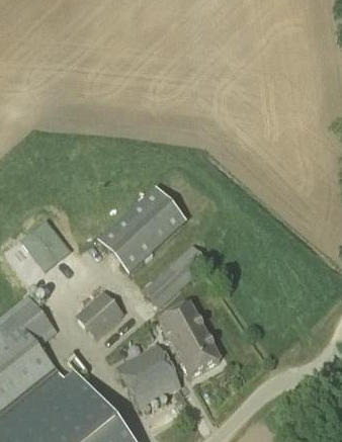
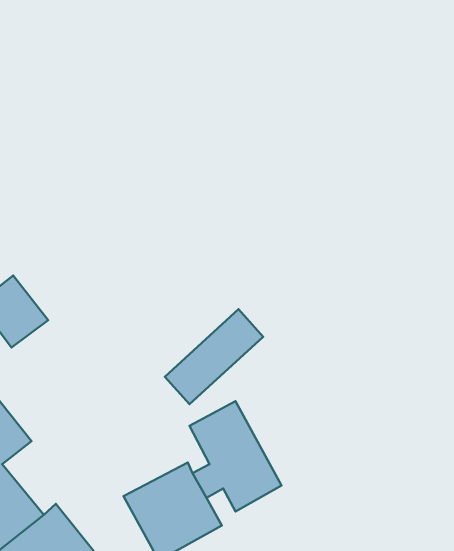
building: [100,188,187,273] -> none
building: [77,289,124,338] -> none

